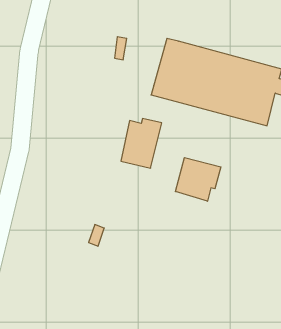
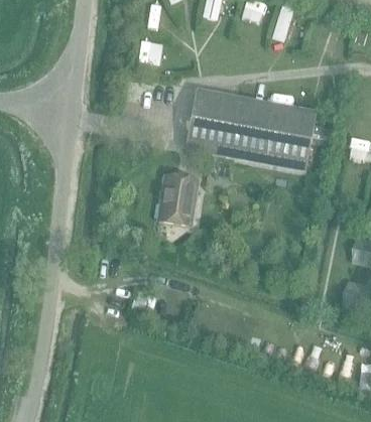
building: [175,158,221,201] -> none

